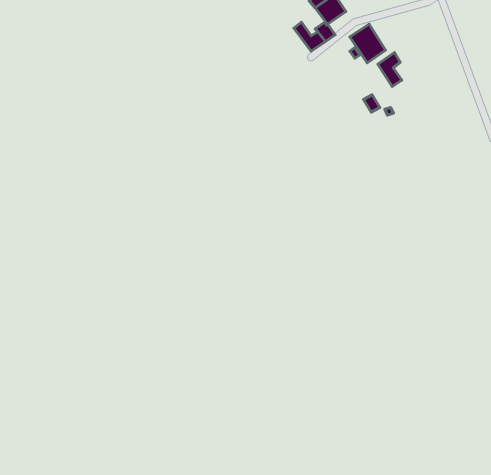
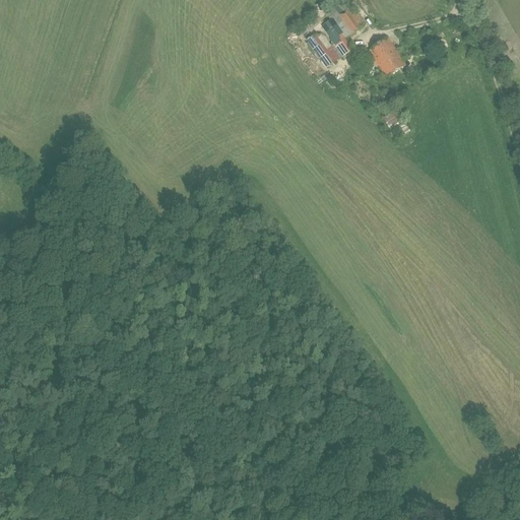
building: [378,52,402,86] -> none

